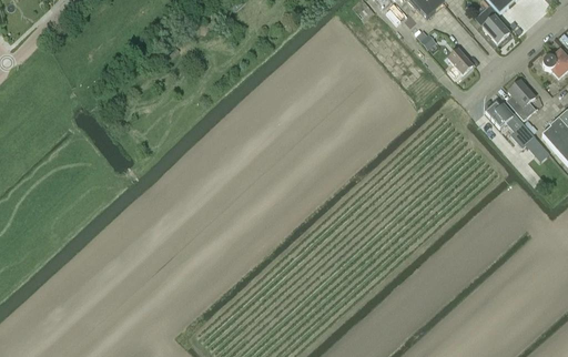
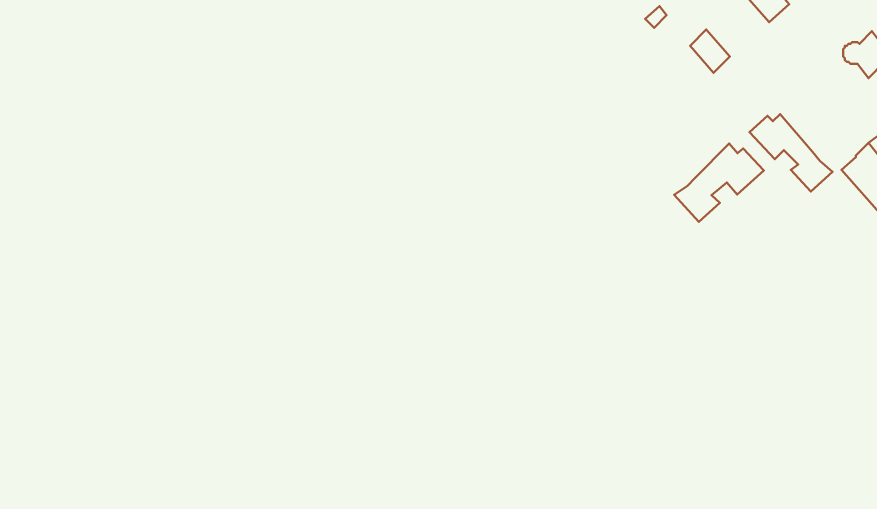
building: [506,78,535,119] -> none
building: none -> [674,144,764,222]

